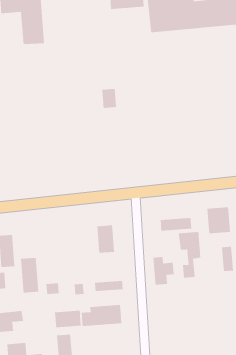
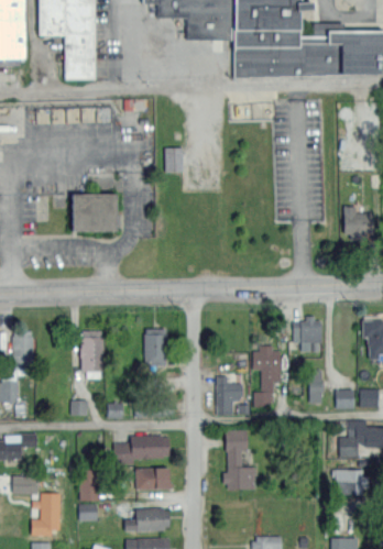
building: none -> [72,194,114,232]
building: [160,217,192,231] -> none
building: [20,257,39,293] -> [80,331,102,377]
building: none -> [223,433,255,490]
building: [54,310,82,328] -> [135,469,171,490]

